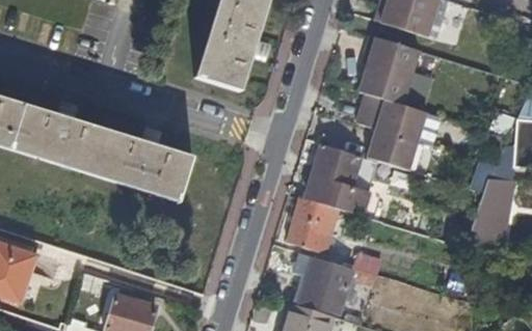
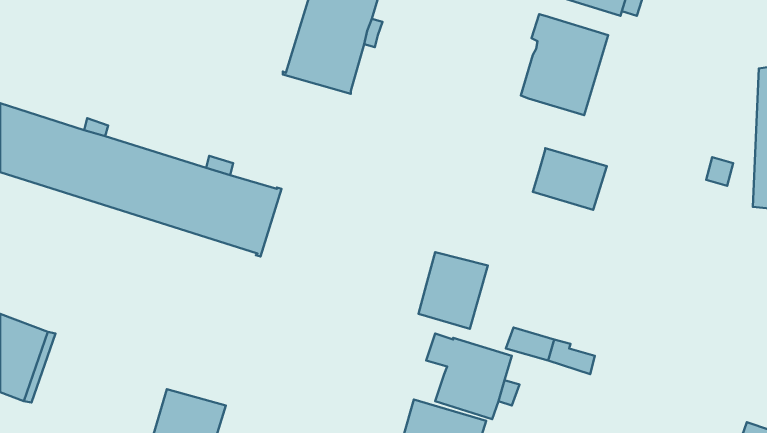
building: [355,93,443,144] -> none
building: [304,143,369,215] -> none
building: [474,175,516,245] -> none

